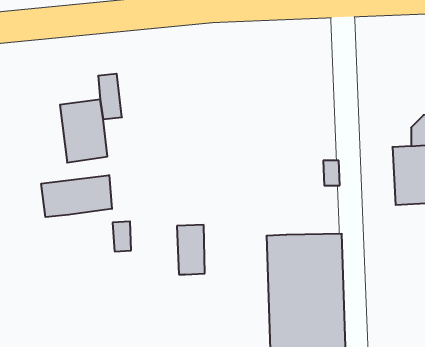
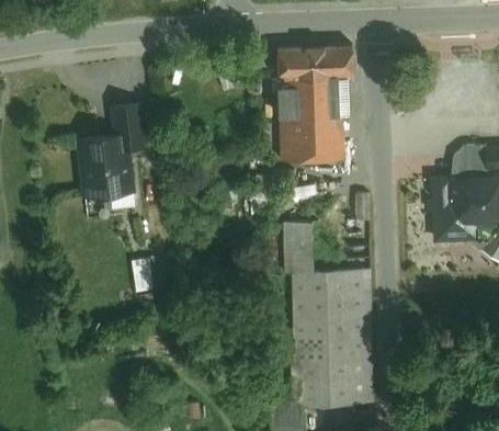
building: none -> [268,53,351,161]
building: [41,175,112,217] -> none
building: [177,225,205,274] -> [286,223,316,275]

